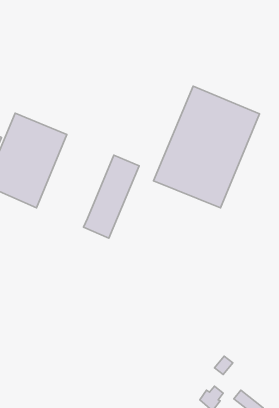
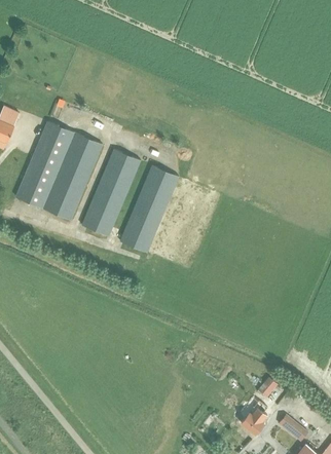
building: [153,86,260,208] -> none
building: none -> [81,149,140,236]

